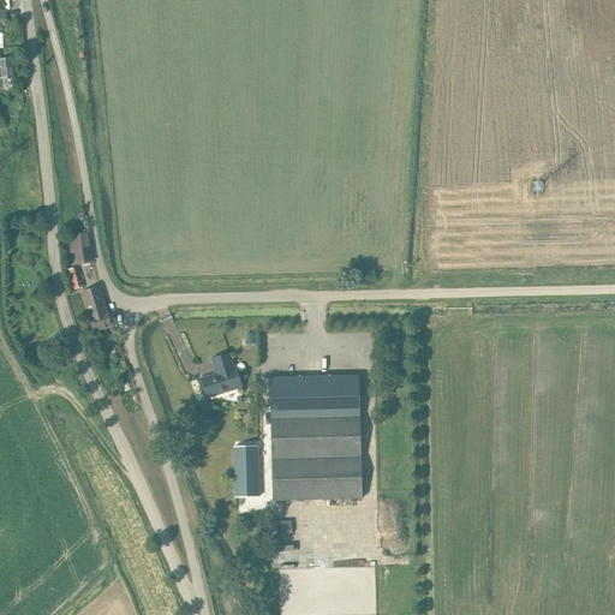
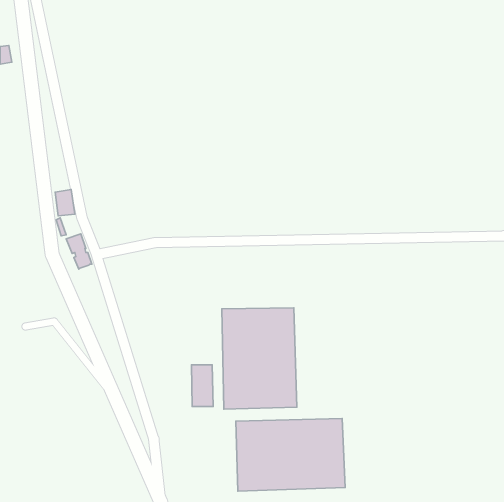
building: [202,352,240,395] -> none
building: none -> [236,418,345,491]

